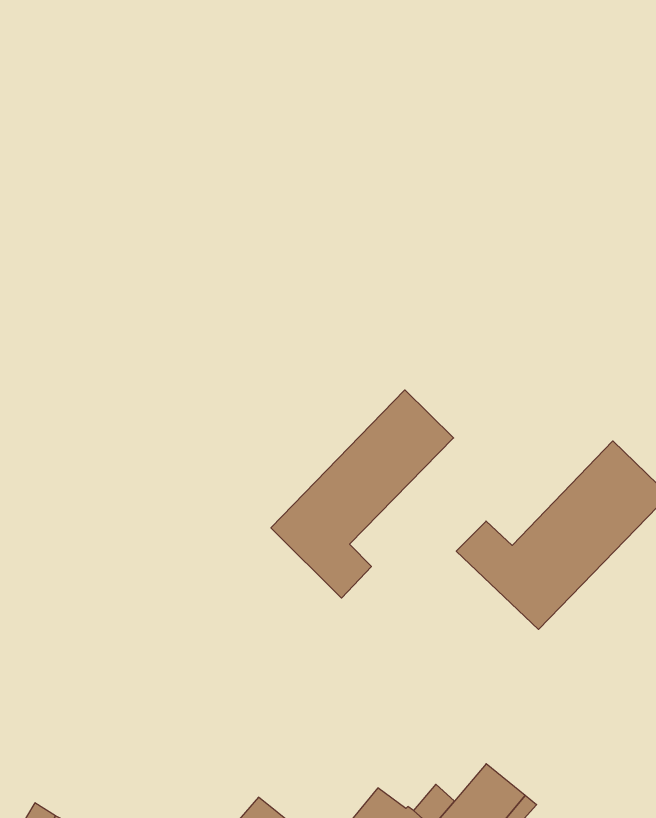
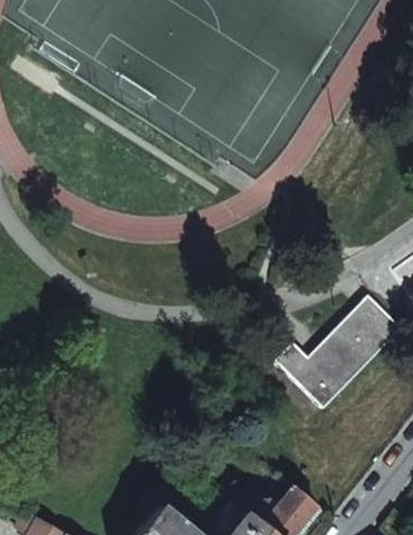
building: [271,390,454,598] -> none

